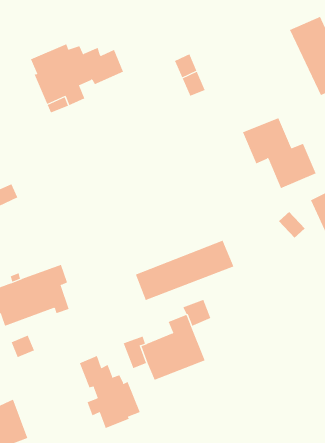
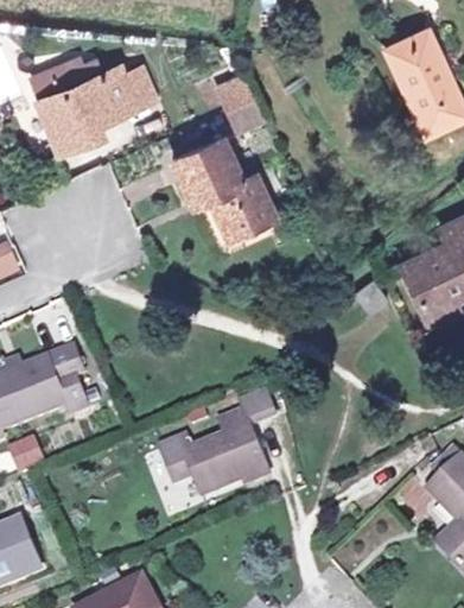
building: [242,118,316,189] -> [178,140,274,233]
building: [135,240,234,301] -> none
building: [79,355,140,429] -> none

